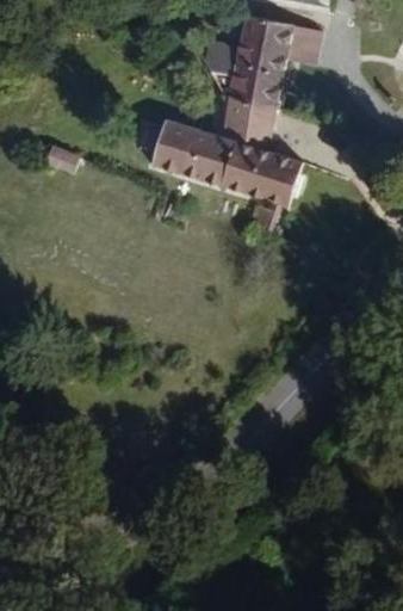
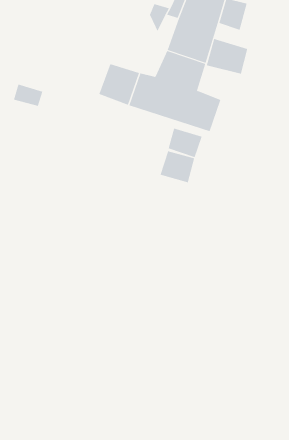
building: none -> [206,38,248,75]
building: none -> [160,151,195,183]

